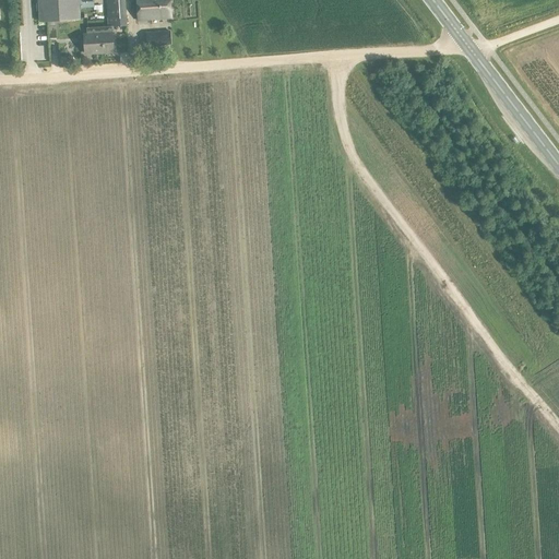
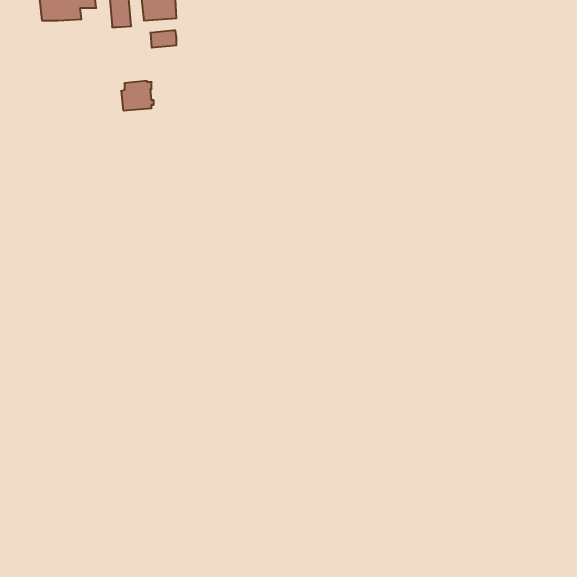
building: [83,25,115,53] -> [121,81,154,110]

